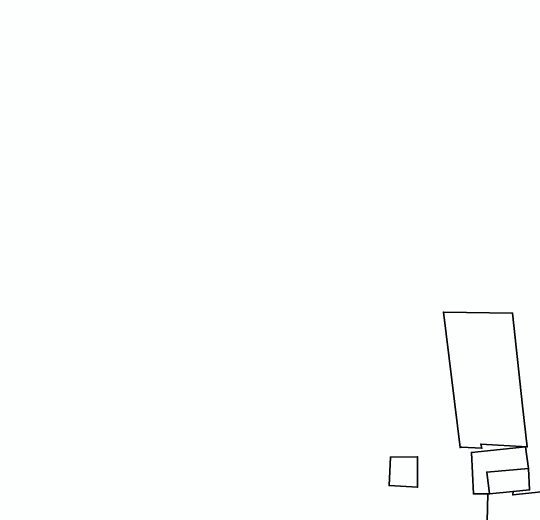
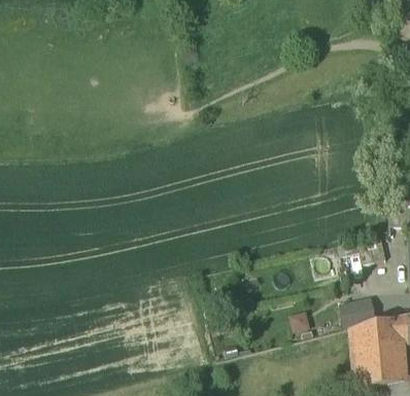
building: [444,312,527,448] -> none

